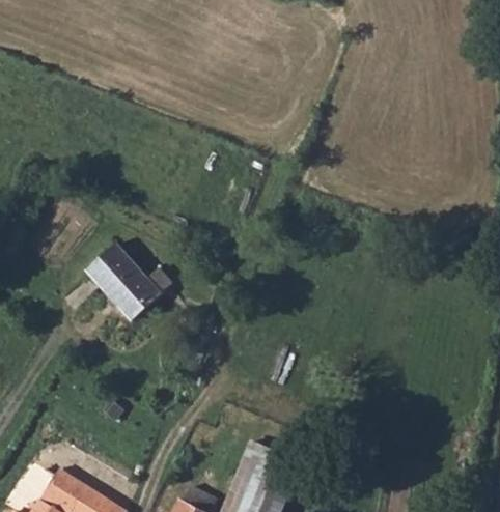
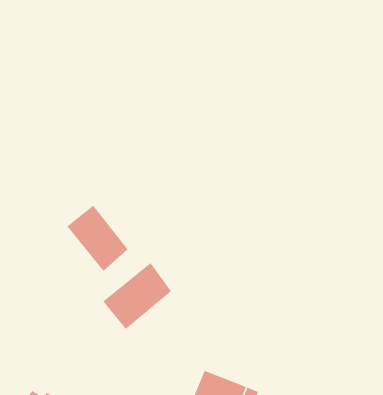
building: none -> [102,262,172,330]

